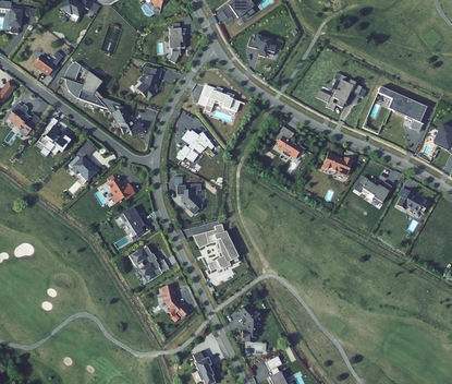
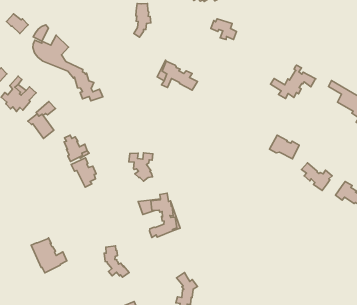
building: [138,64,162,97] -> none
building: [276,127,306,155] -> none
building: [175,132,209,164] -> none
building: [131,245,170,283] -> [31,238,67,273]

